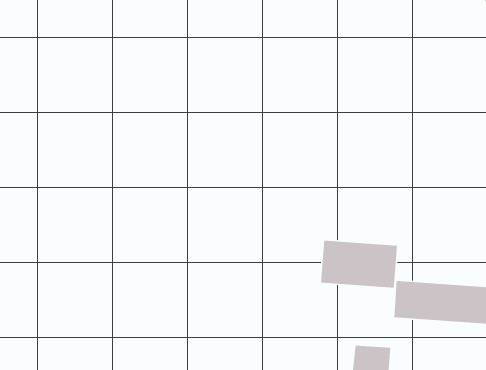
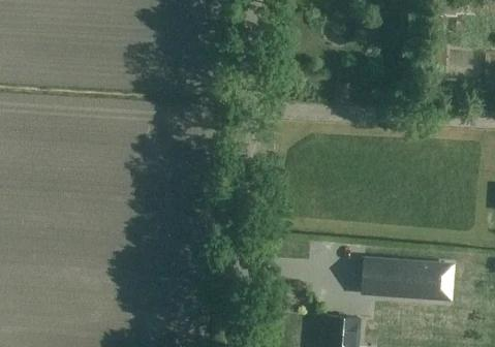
building: [320,240,398,289] -> none

